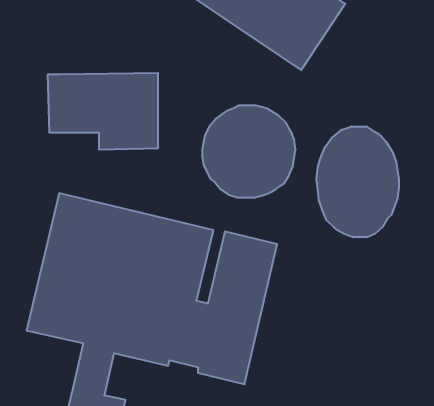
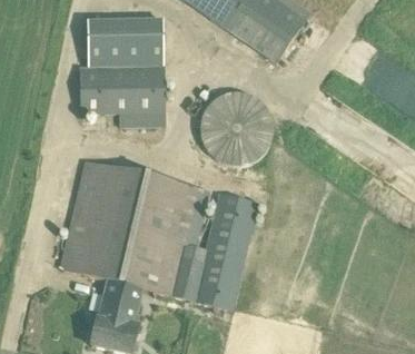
building: none -> [86,19,164,67]
building: [316,126,399,237] -> none

